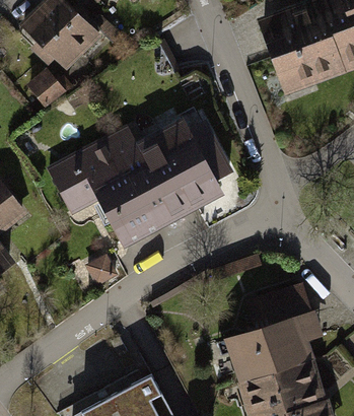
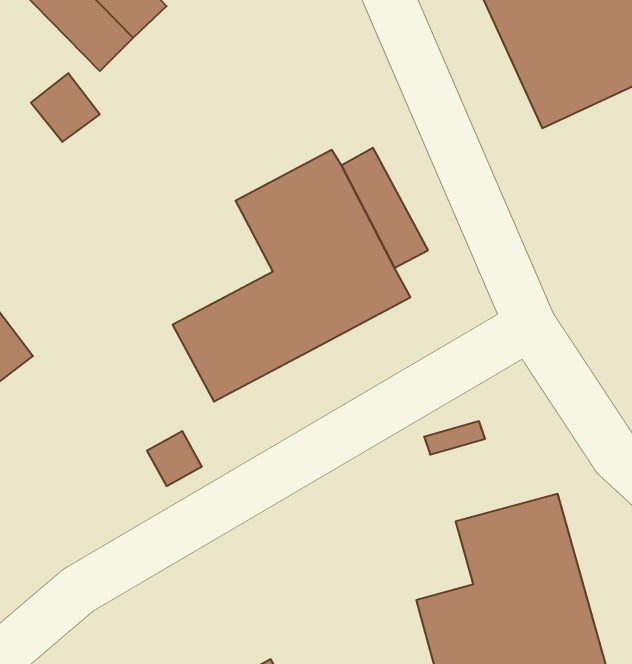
building: [47,127,152,217] -> none

